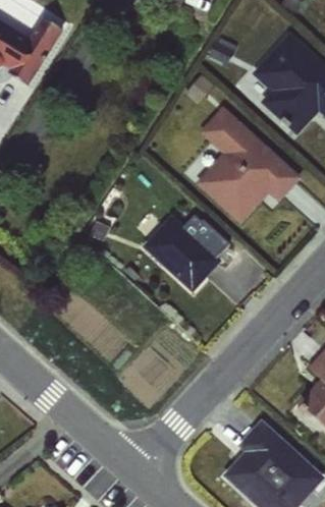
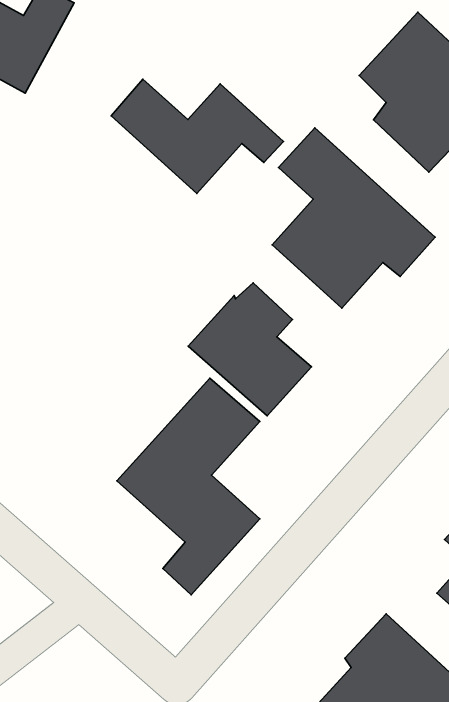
building: none -> [111,79,283,194]
building: none -> [117,378,260,595]

